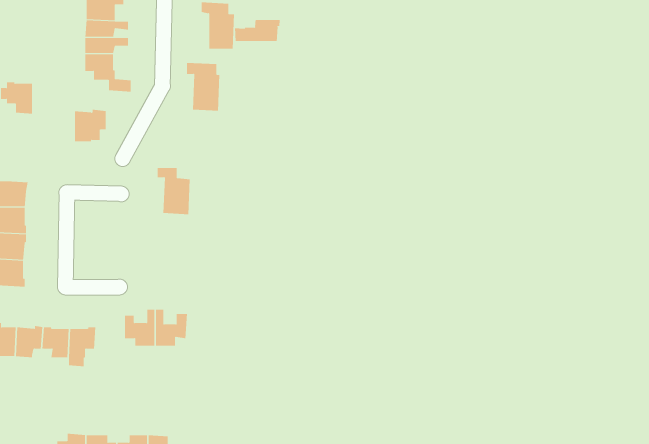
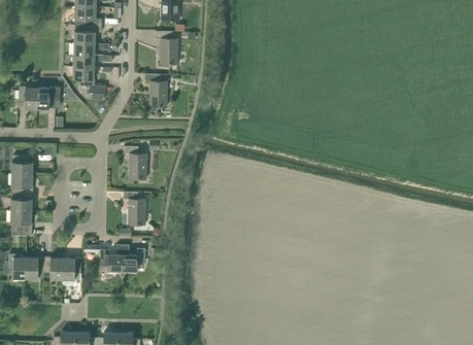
building: [234,19,280,42] -> none
building: [74,109,106,142] -> [37,87,60,109]
building: none -> [123,192,146,225]

